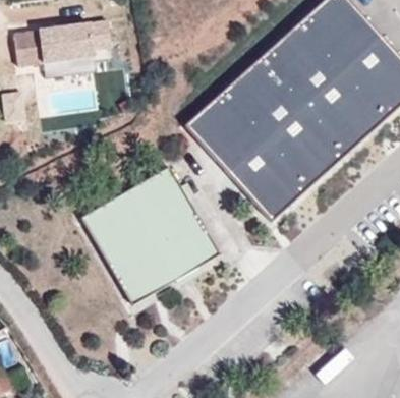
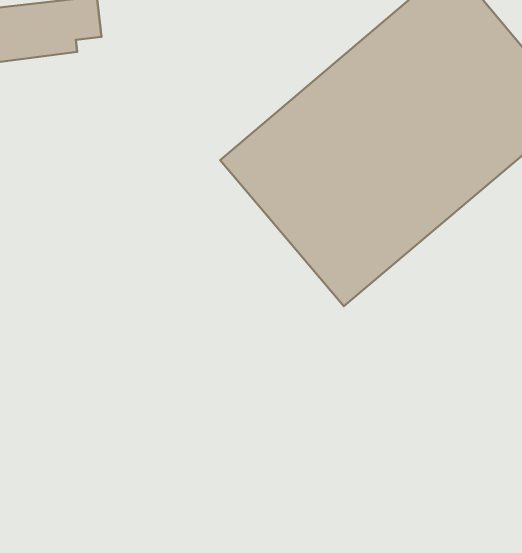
building: [78,166,217,304] -> none

